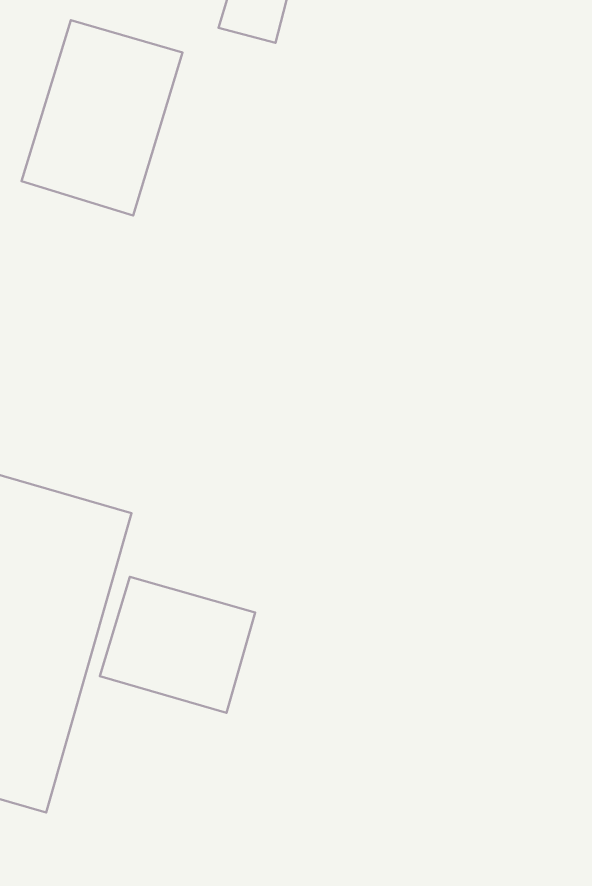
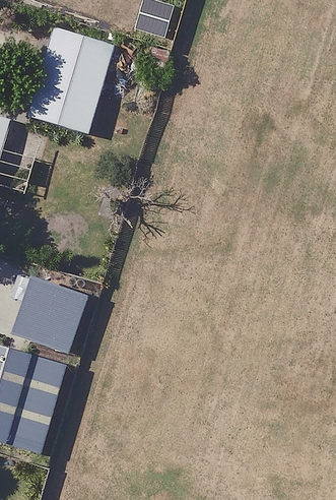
building: [100,577,255,713] -> none

